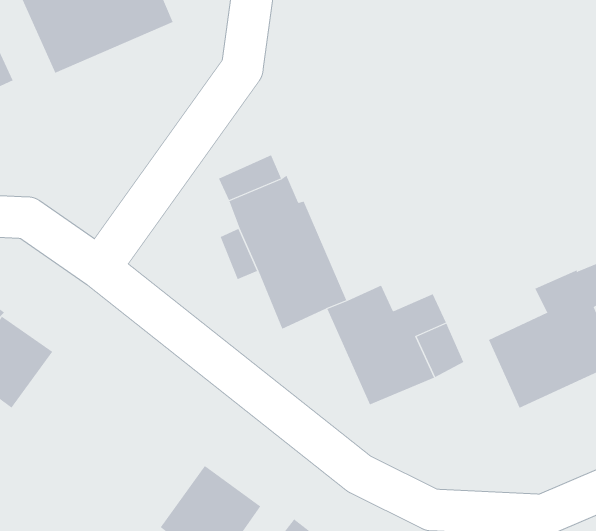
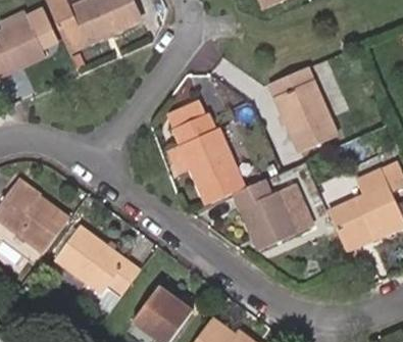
building: none -> [268,65,338,152]
building: none -> [54,225,140,309]

